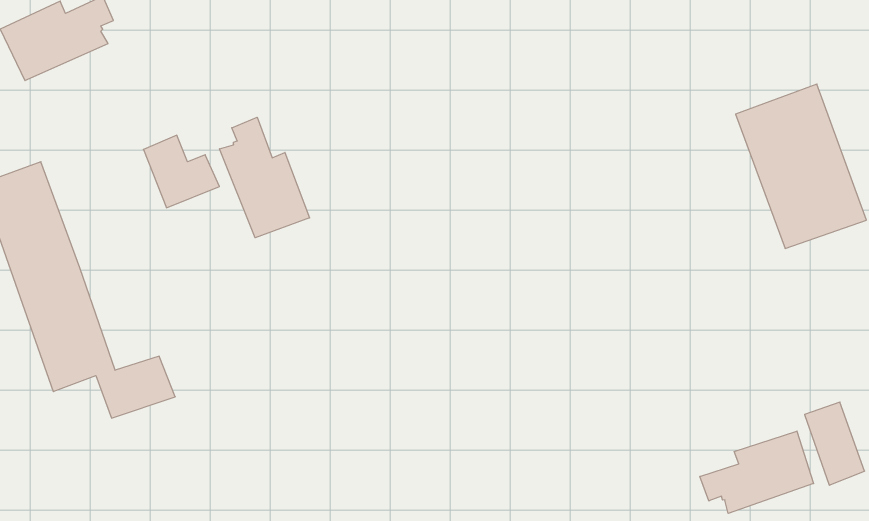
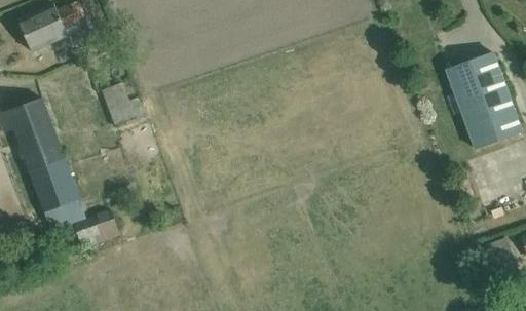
building: [220,117,310,238] -> none
building: [700,431,814,513] -> none

